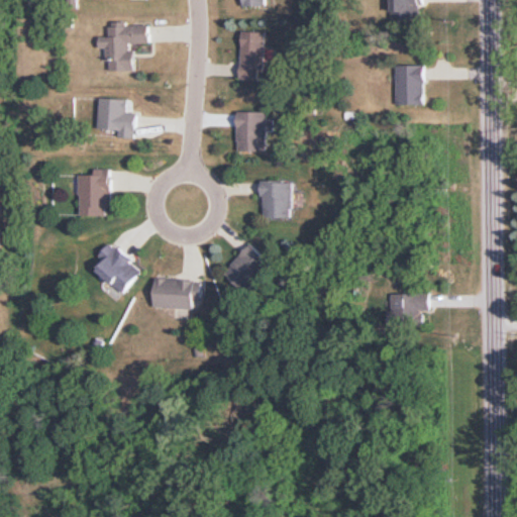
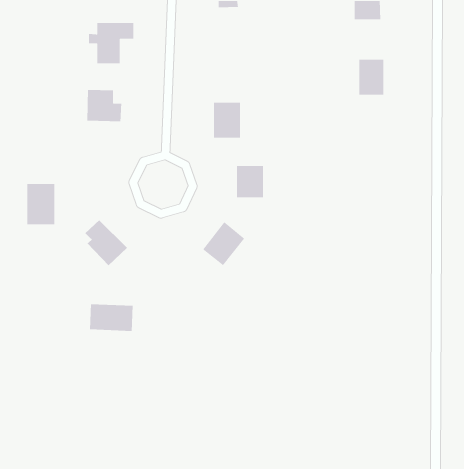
building: [237,31,263,81] -> none
building: [77,170,108,216] -> [27,183,55,225]
building: [150,278,199,309] -> [89,303,133,332]
building: [386,292,427,325] -> none

